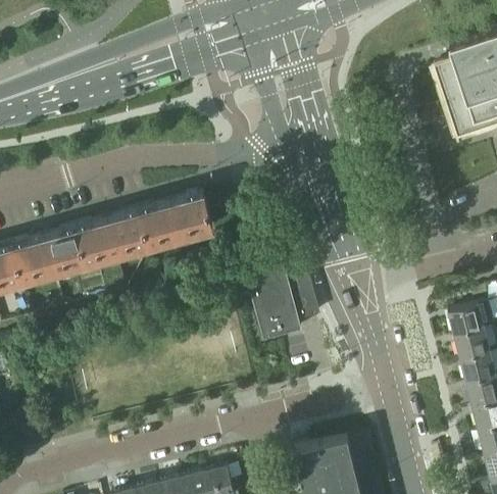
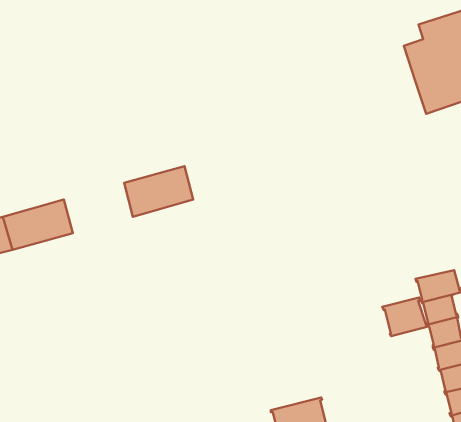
building: [77,211,149,264] -> none
building: [246,265,313,341] -> none
building: none -> [382,297,428,336]

